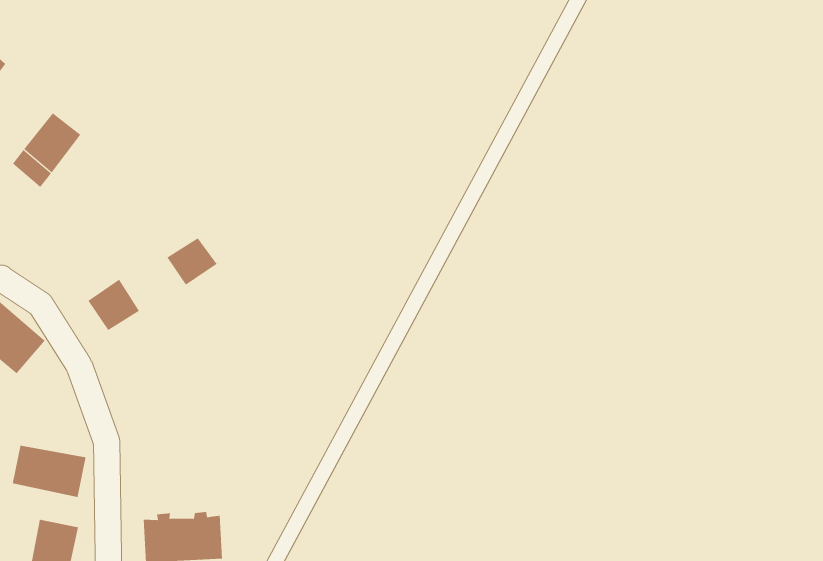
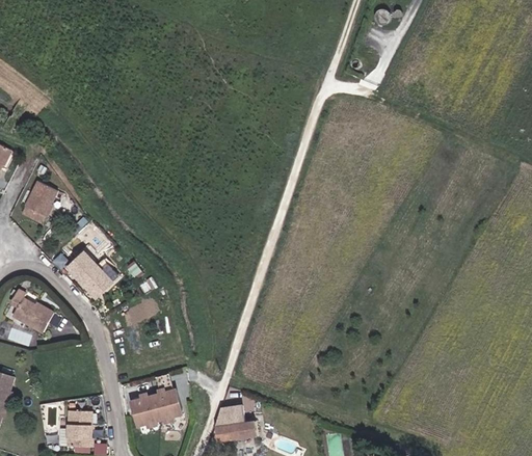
building: [166,237,217,286] -> [64,250,95,279]
building: [12,445,86,498] -> none

